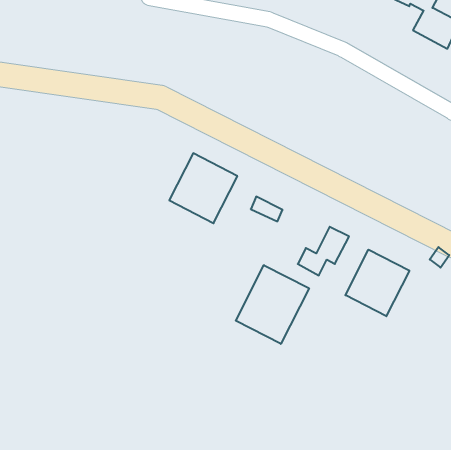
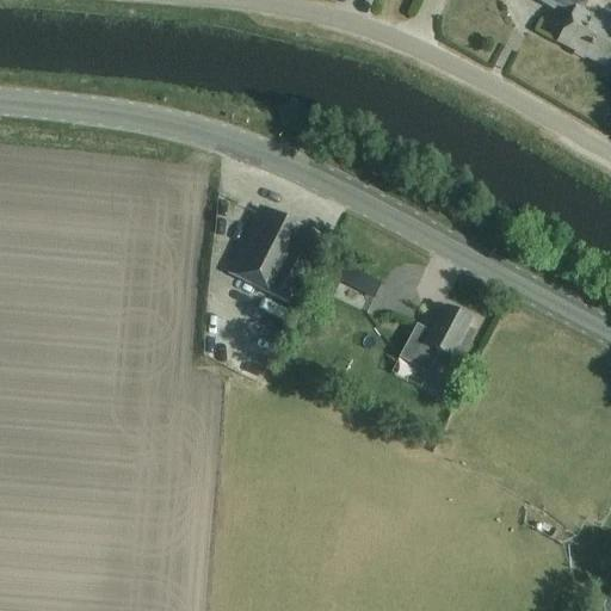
building: [345,250,409,316] -> none
building: [236,265,309,344] -> none

